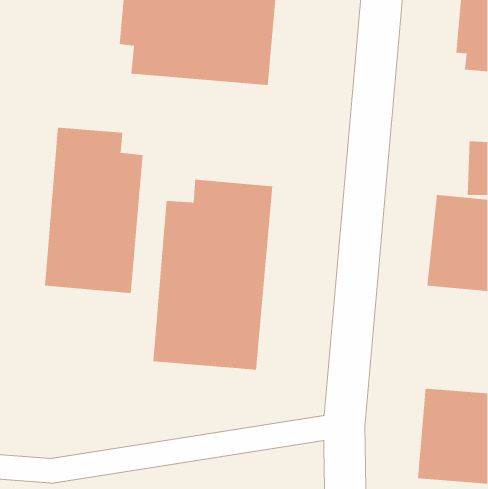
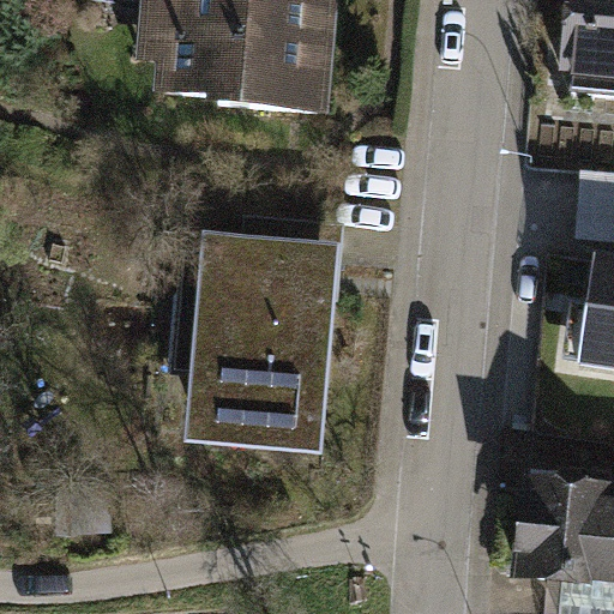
building: [44,127,143,294] -> none

